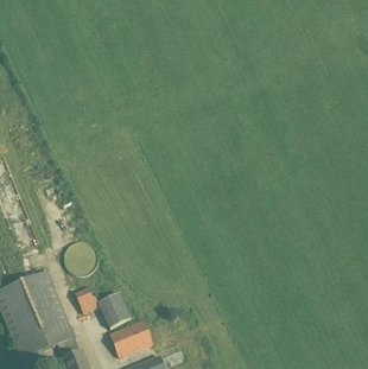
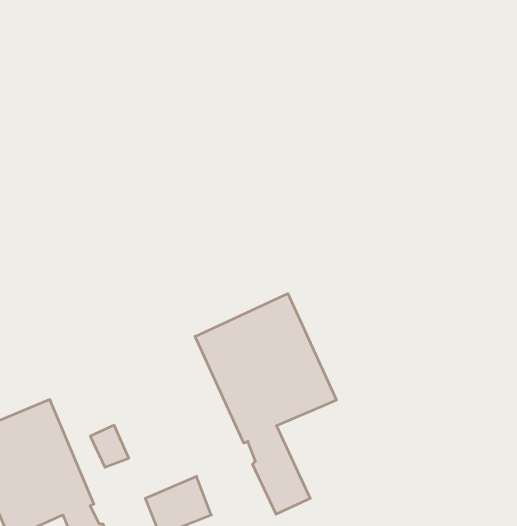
building: none -> [195,294,336,514]
building: [97,293,131,329] -> none

